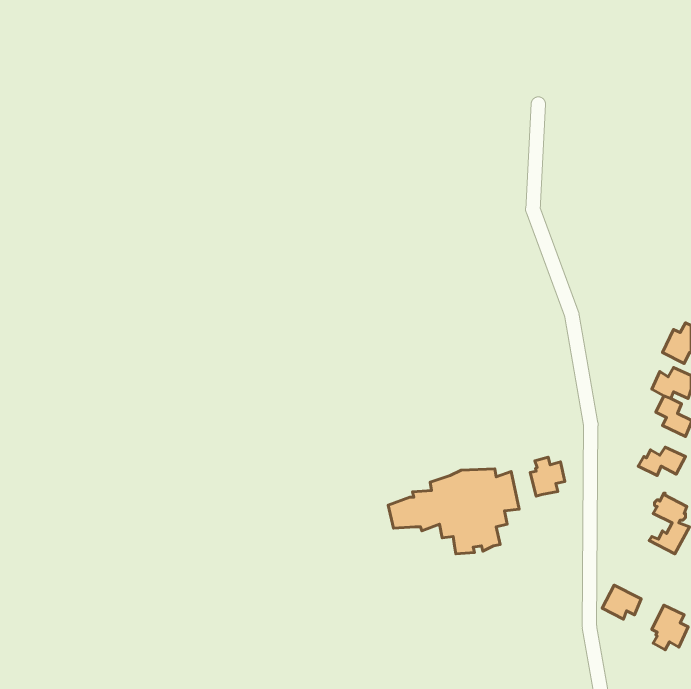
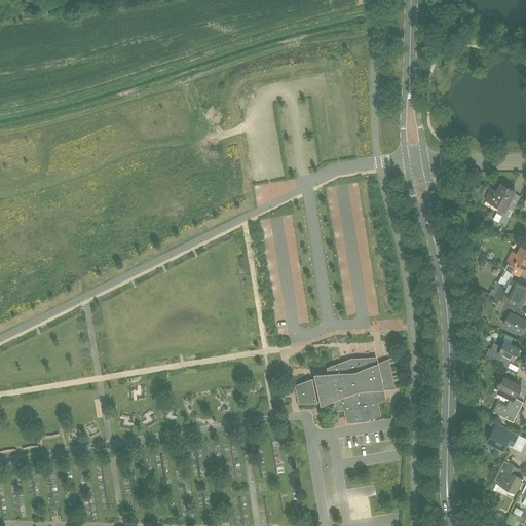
building: none -> [486,183,517,226]
building: [530,457,565,496] -> none
building: [602,585,641,619] -> [488,423,518,449]

